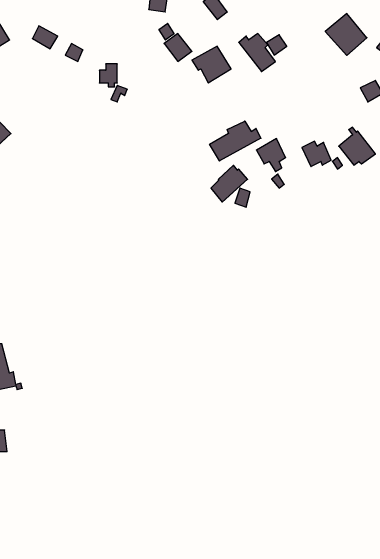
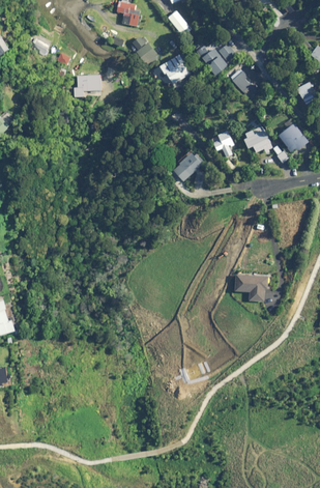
building: [325,14,367,55] -> [231,65,265,99]
building: [210,121,261,161] -> none
building: none -> [234,275,267,302]

